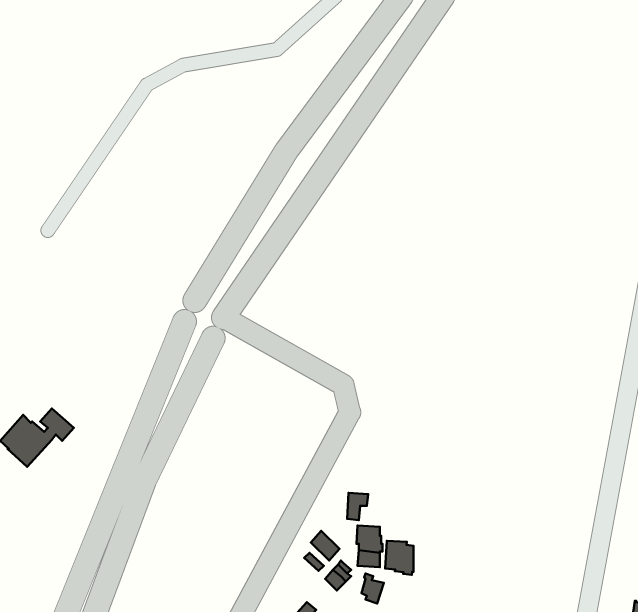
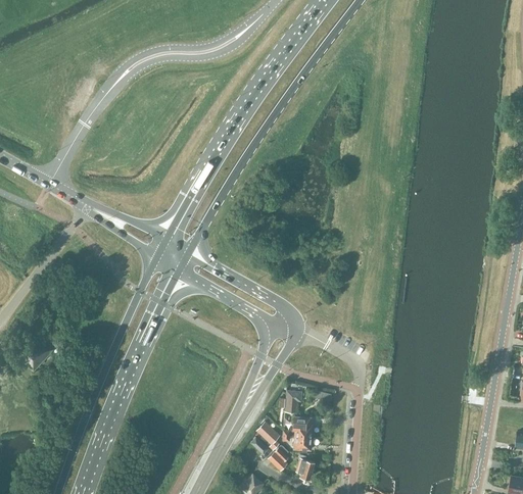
building: [385,541,414,575] -> none

